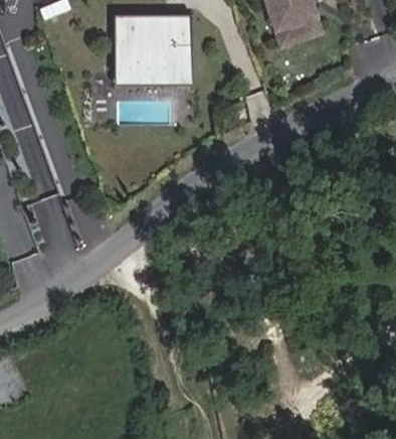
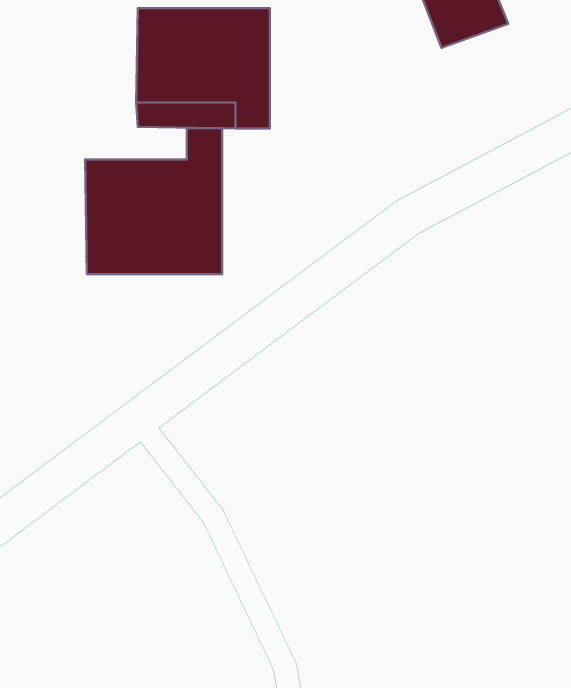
building: none -> [85,128,222,274]

